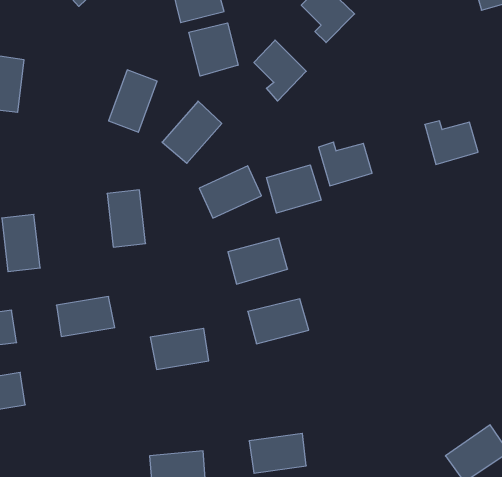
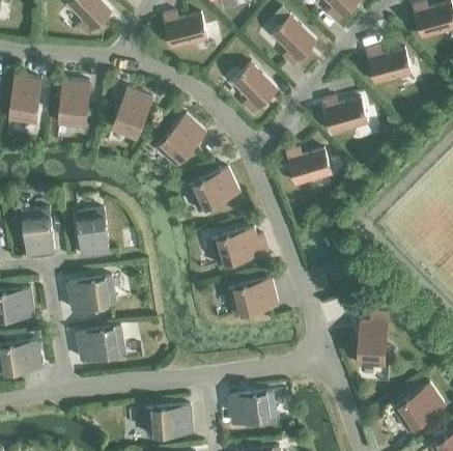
building: none -> [366,48,410,84]
building: [189,23,238,76] -> none
building: none -> [58,80,89,128]
building: [425,121,478,164] -> [322,97,367,134]
building: [266,165,321,213] -> none
building: [107,190,146,247] -> [77,209,109,257]
building: [150,328,209,369] -> [76,326,124,360]
building: none -> [357,320,387,367]

